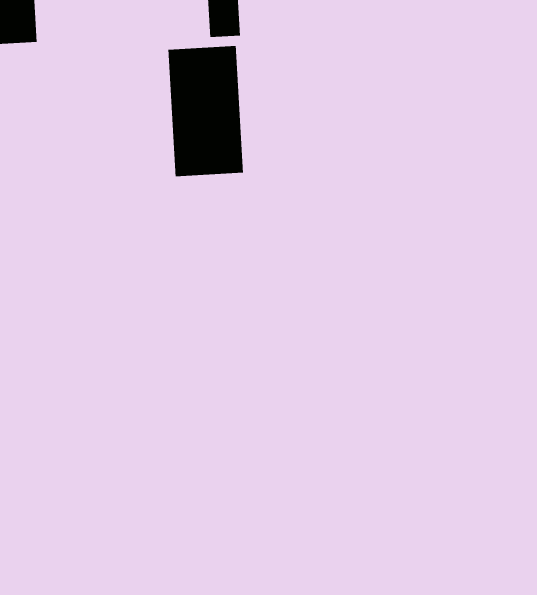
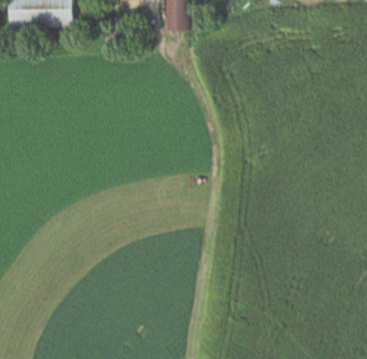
building: [168,45,244,177] -> none

